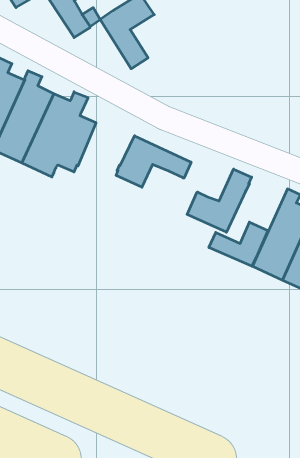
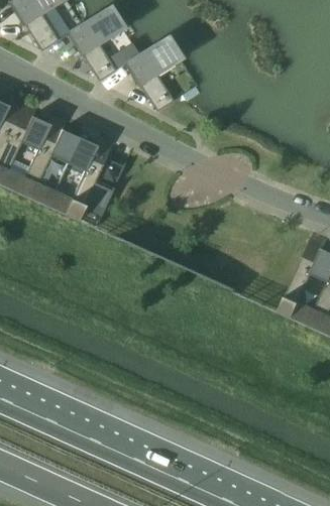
building: [116,136,191,187] -> none
building: [187,169,252,232] -> none
building: [209,222,268,266] -> none

